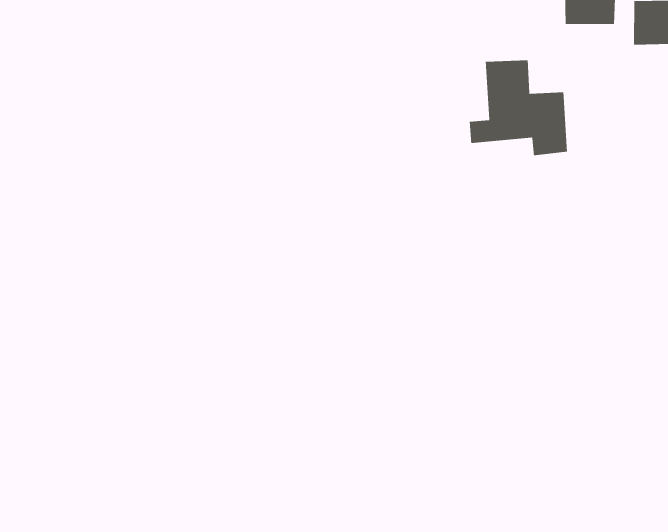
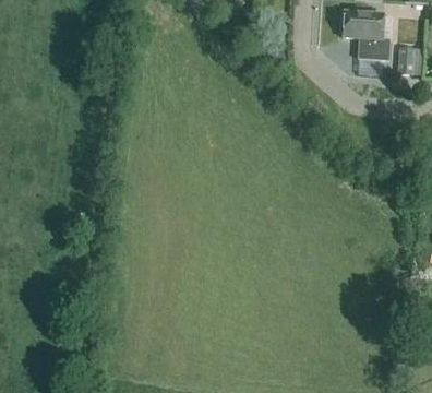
building: [469,60,567,156] -> none

